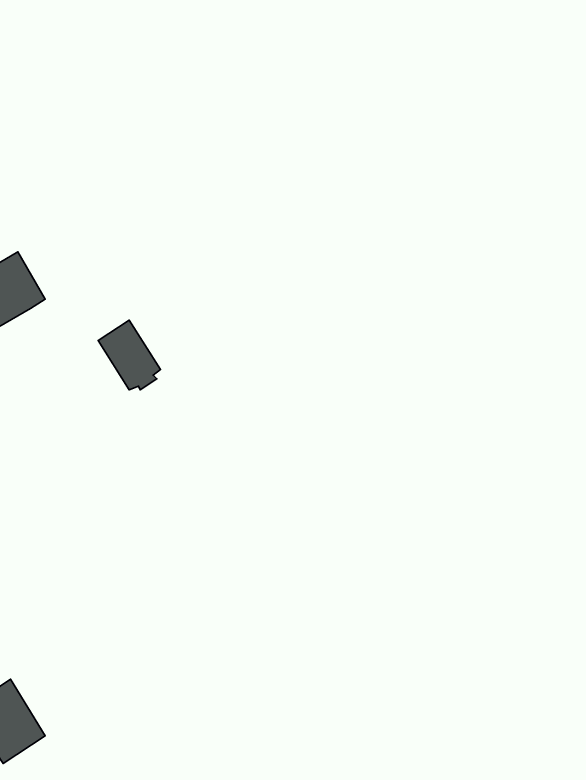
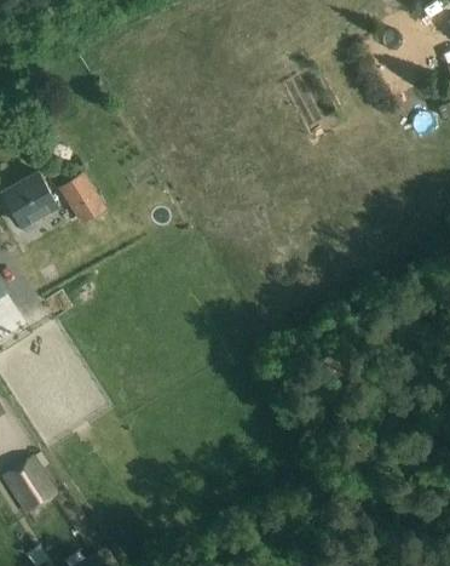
building: [98,320,160,390] -> [60,175,102,221]

